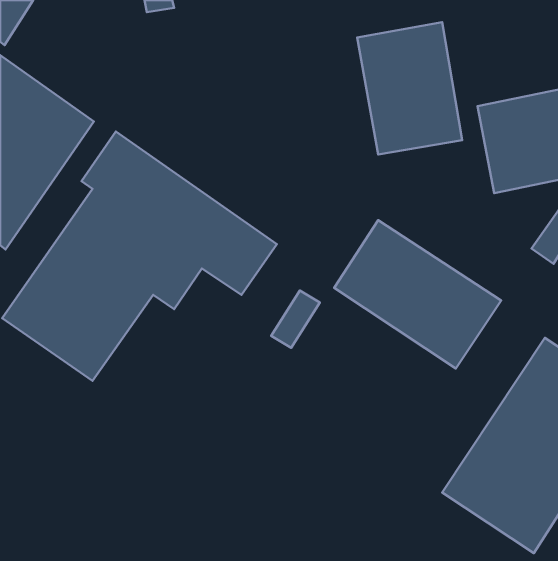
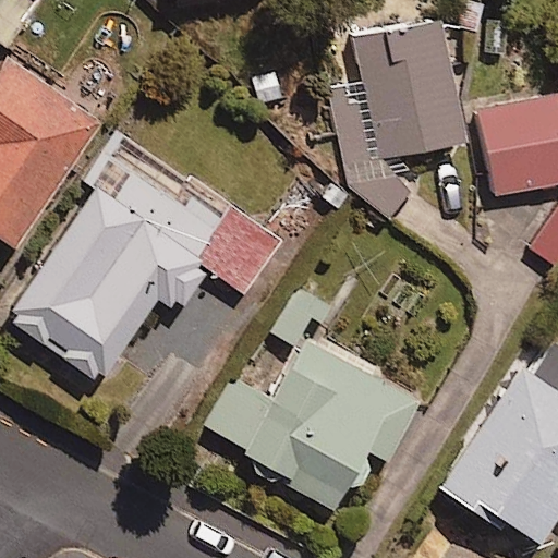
building: [334,220,501,369] -> none
building: none -> [206,336,418,509]

